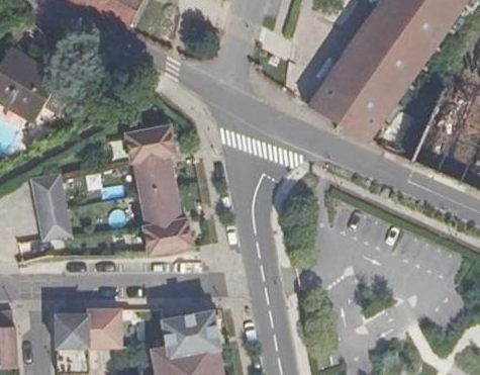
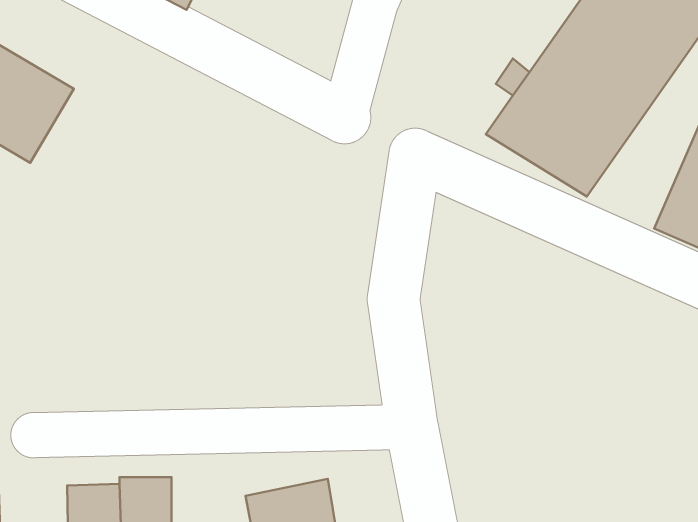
building: [125,125,192,254] -> none
building: [30,173,70,240] -> none

